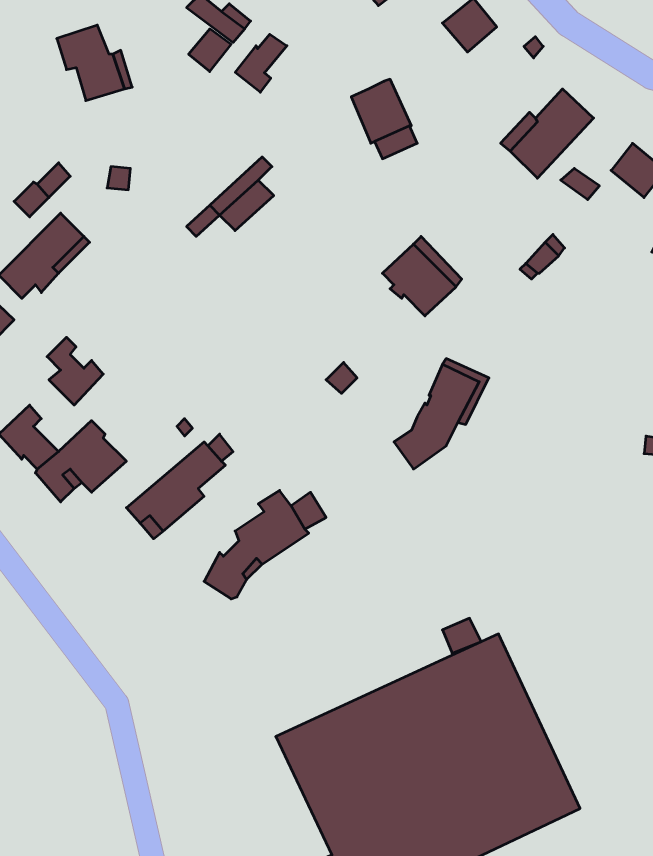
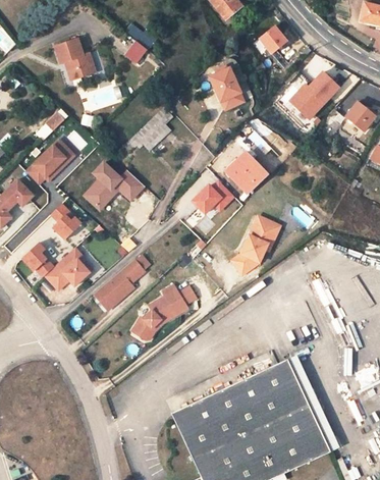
building: [235,34,287,92] -> none
building: none -> [84,162,144,210]
building: none -> [193,181,233,214]

